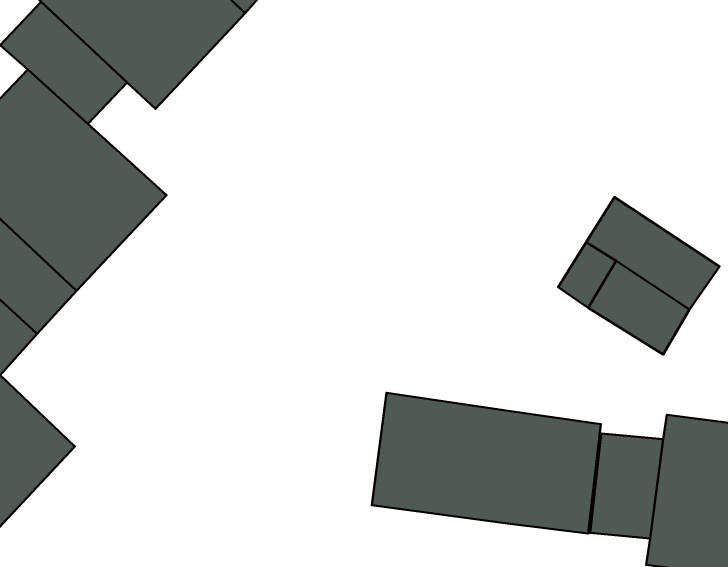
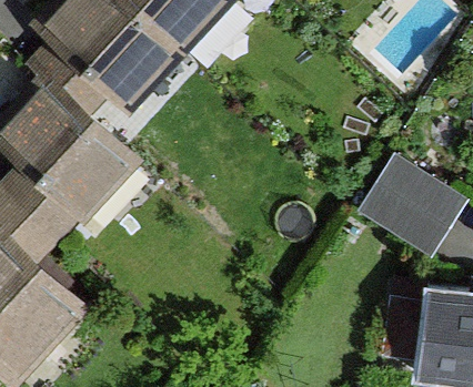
building: [372,393,601,533] -> none

